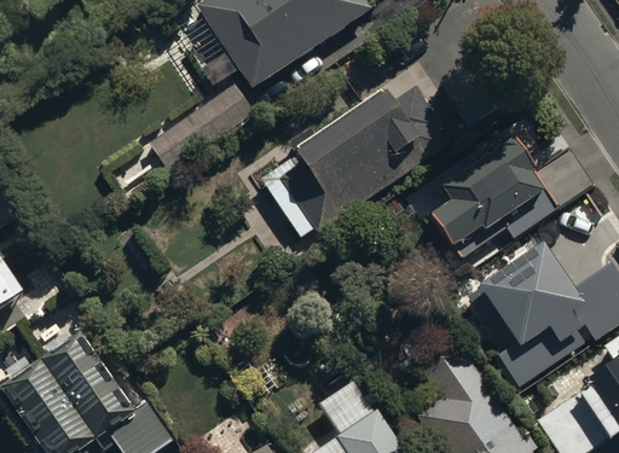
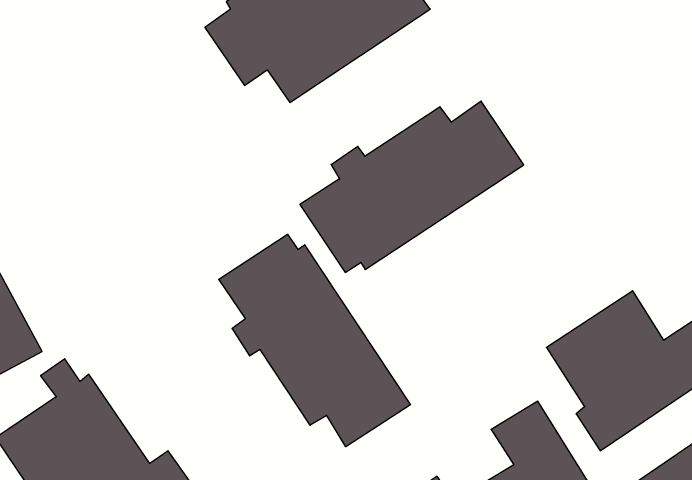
building: [146,82,254,170] -> none
building: [433,138,557,249] -> none
building: none -> [219,234,410,447]

